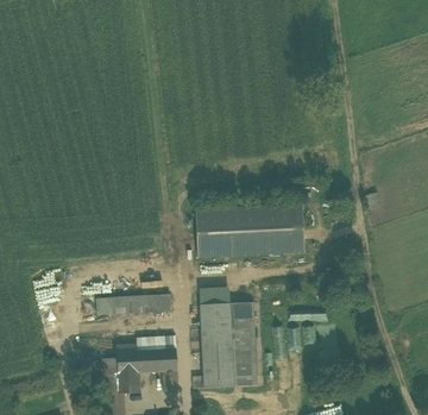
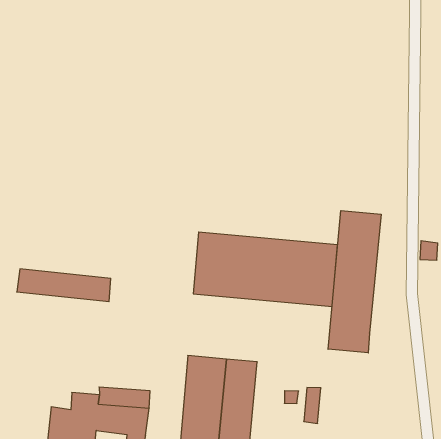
building: none -> [328,211,381,353]
building: [199,288,229,306] -> none
building: [99,294,170,314] -> [17,269,111,302]

